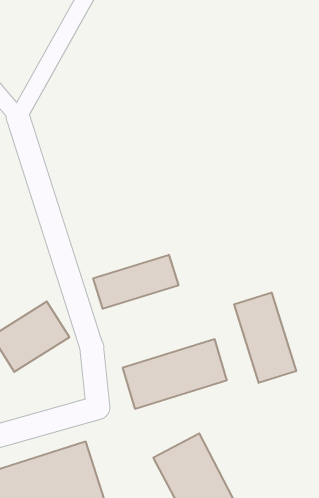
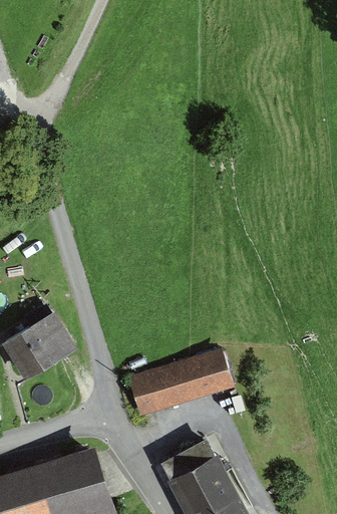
building: [93,255,178,309] -> none
building: [234,293,296,383] -> none

